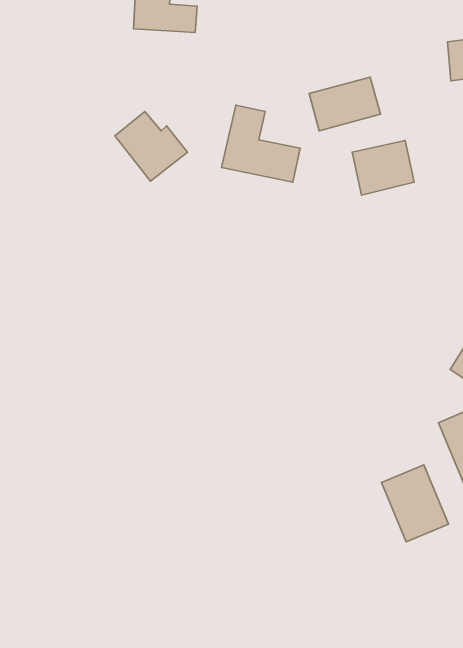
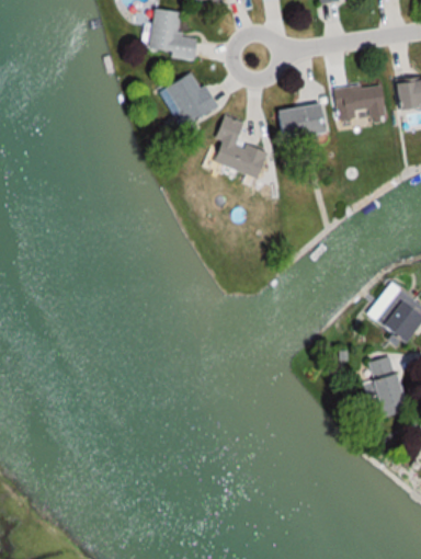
building: [115,112,187,181] -> [168,71,221,124]
building: [352,141,414,195] -> [335,82,380,121]
building: [381,465,449,542] -> none

